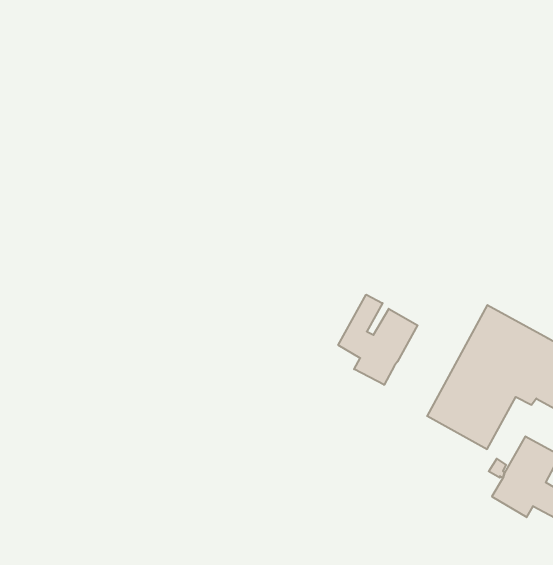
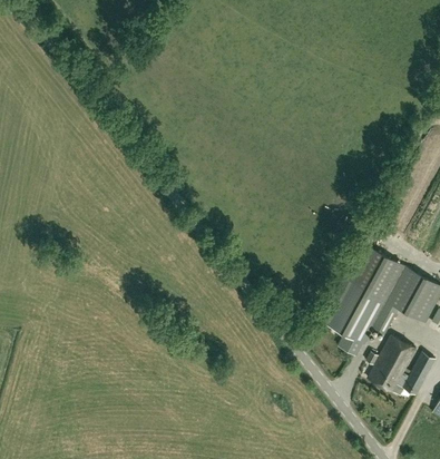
building: [338,295,418,385] -> none

